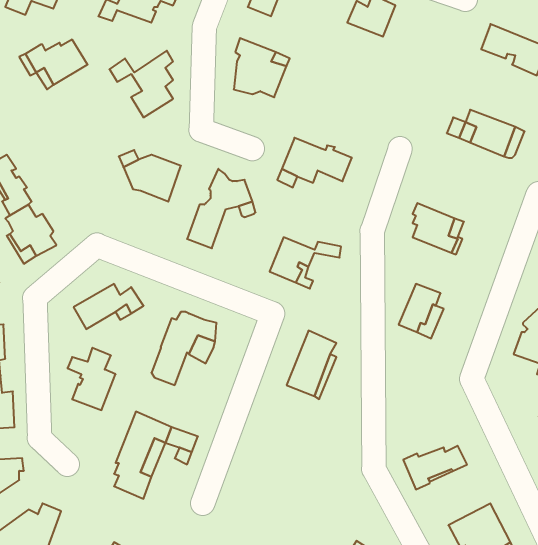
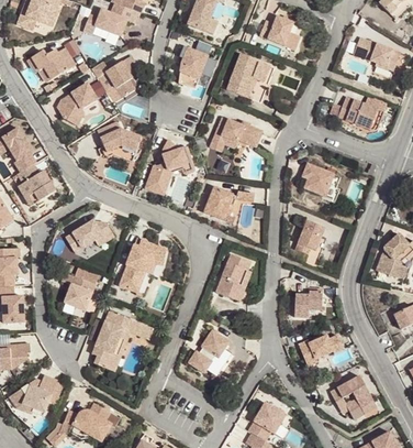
building: none -> [226,54,269,103]
building: none -> [56,84,97,125]
building: none -> [293,292,322,317]
building: none -> [188,330,230,375]

